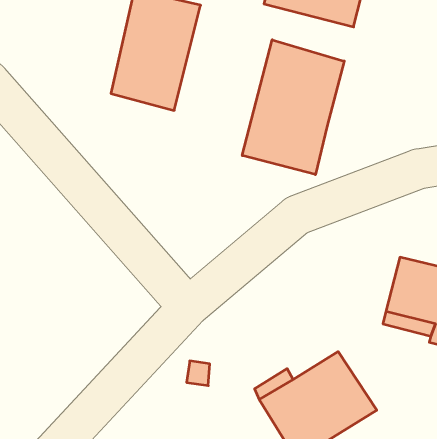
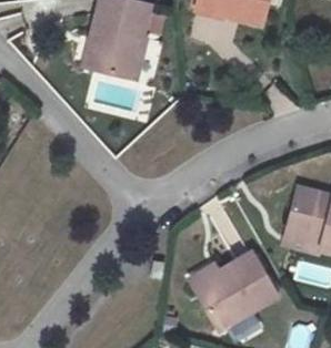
building: [242,40,344,175] -> none

